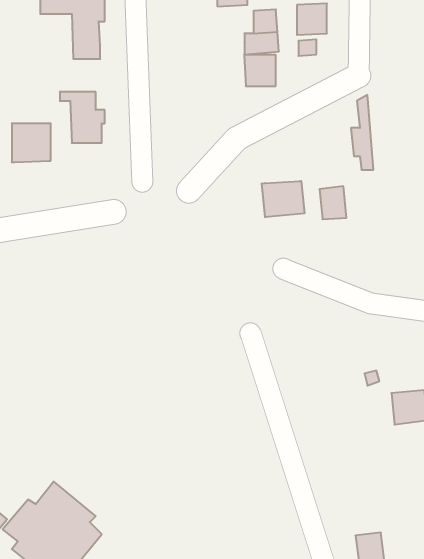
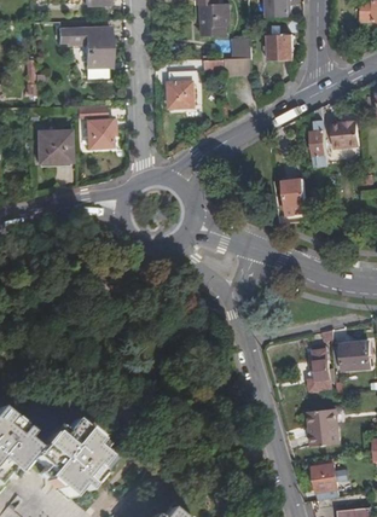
building: [244,55,276,86] -> [168,81,193,106]
building: none -> [331,121,359,149]
building: [262,181,304,217] -> none
building: none -> [308,350,331,394]
building: none -> [309,409,340,447]

